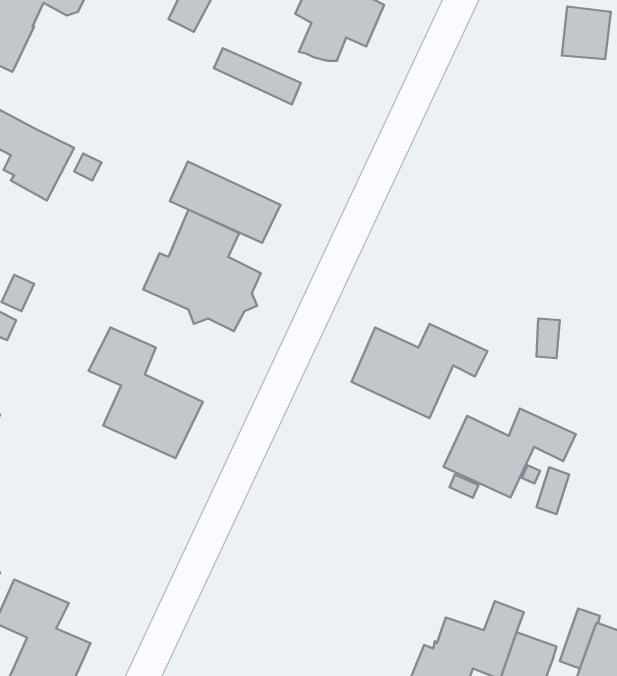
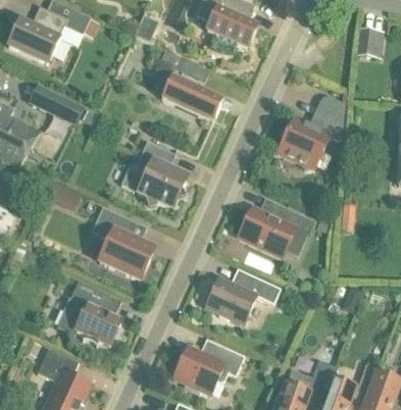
building: none -> [277,96,345,168]
building: [170,161,280,243] -> [160,74,222,120]
building: [444,409,576,498] -> [205,273,280,323]
building: none -> [57,280,120,345]
building: none -> [173,341,244,394]

